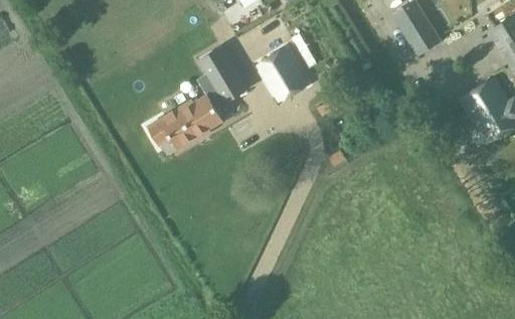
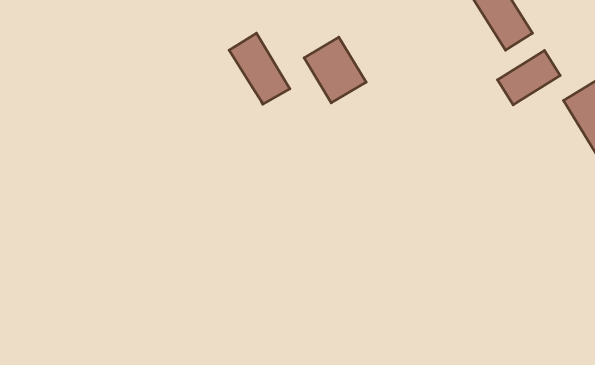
building: none -> [497,51,560,105]
building: [151,86,228,147] -> none

